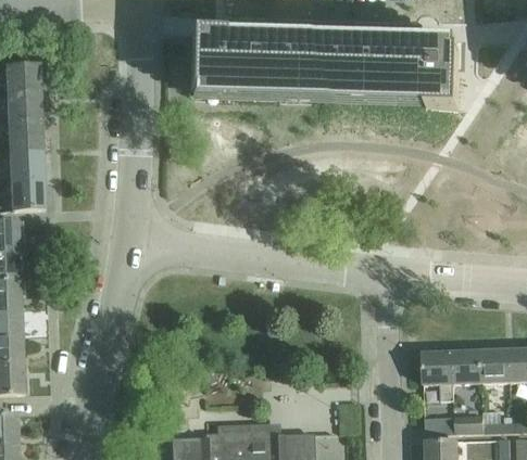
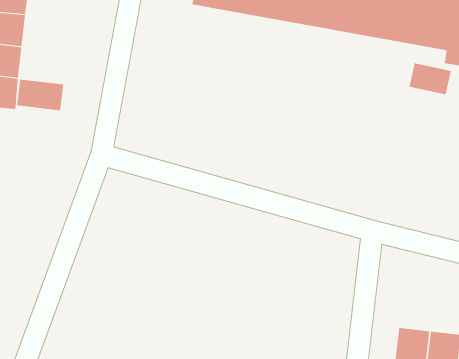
building: none -> [409,62,451,95]
building: none -> [16,79,64,111]

